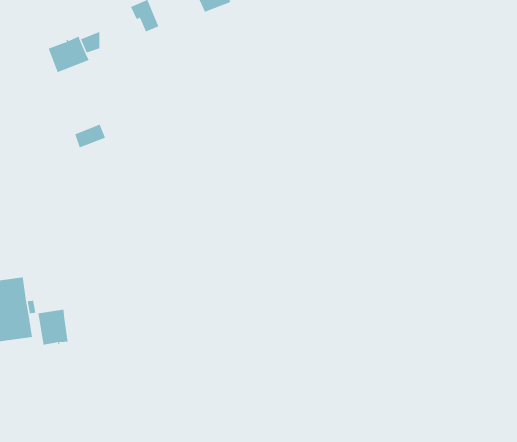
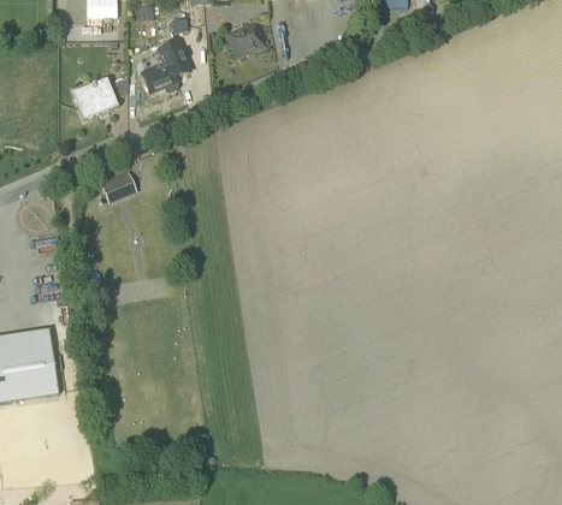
building: none -> [142,61,178,91]
building: [38,309,68,345] -> none

